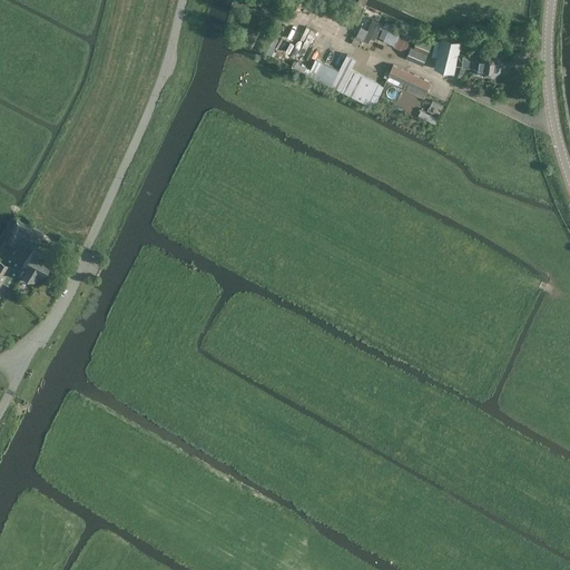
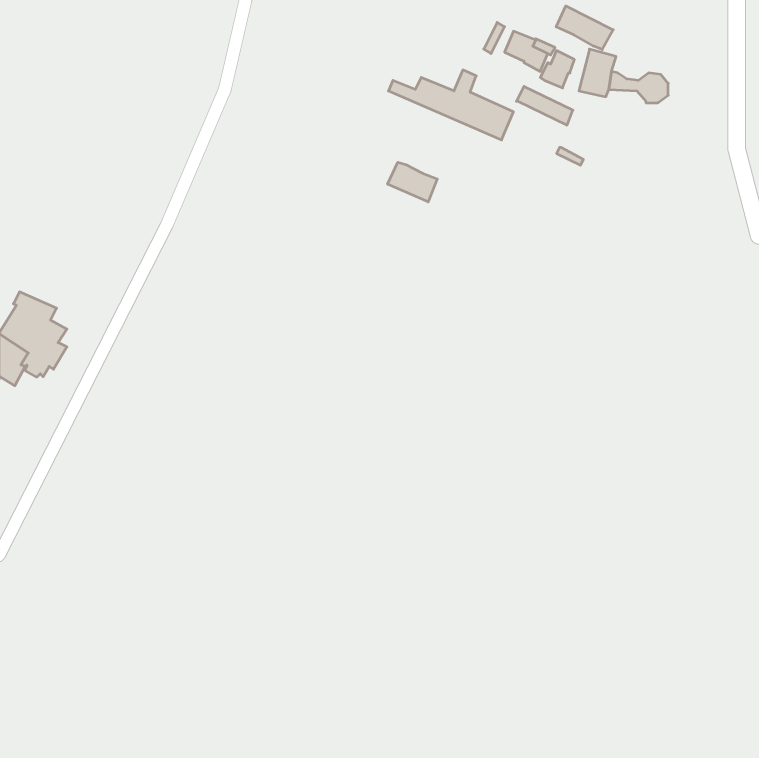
building: none -> [556,6,613,50]
building: none -> [388,162,437,202]

